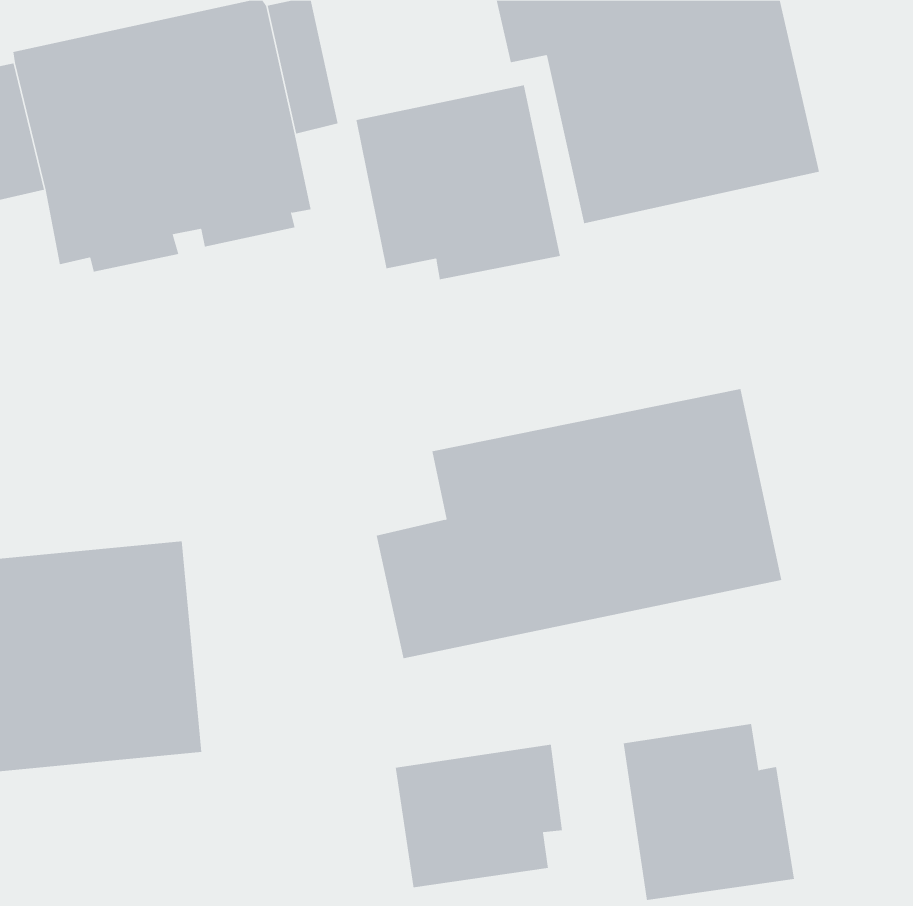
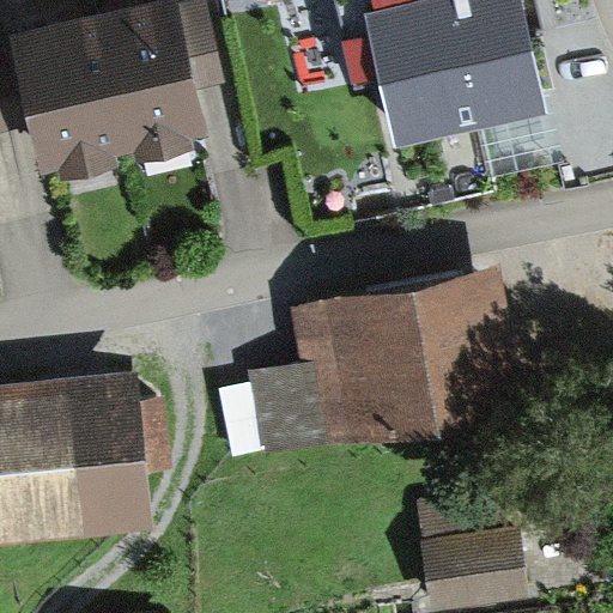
building: [356,85,560,280] -> none
building: [395,744,563,888] -> none

